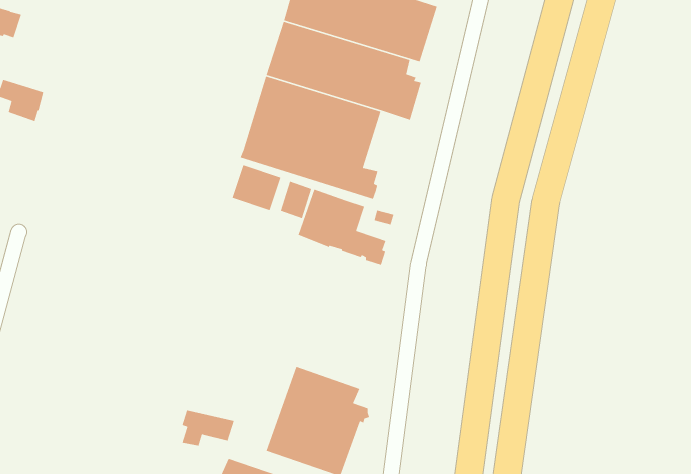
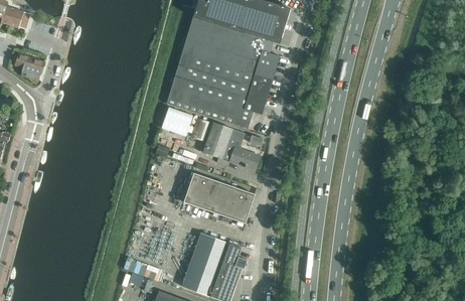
building: none -> [244,73,273,114]
building: none -> [184,173,255,222]

